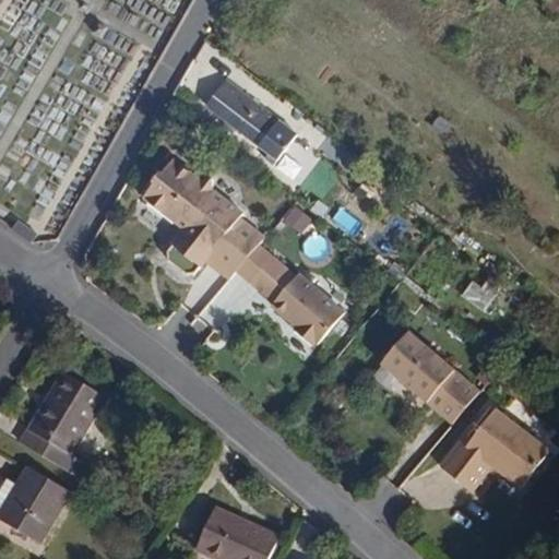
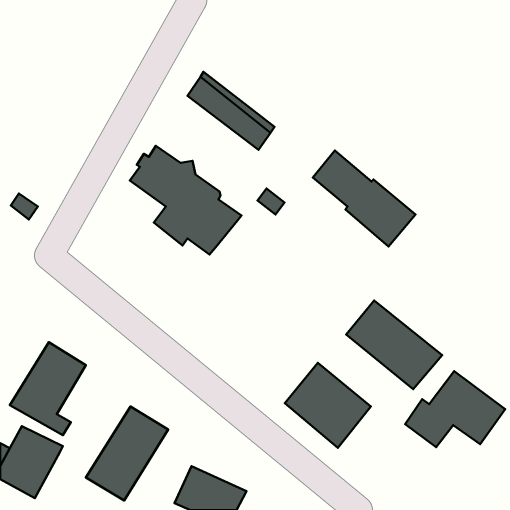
building: [236,241,348,346] -> [313,151,416,246]
building: none -> [285,363,371,448]
building: none -> [86,406,168,500]

